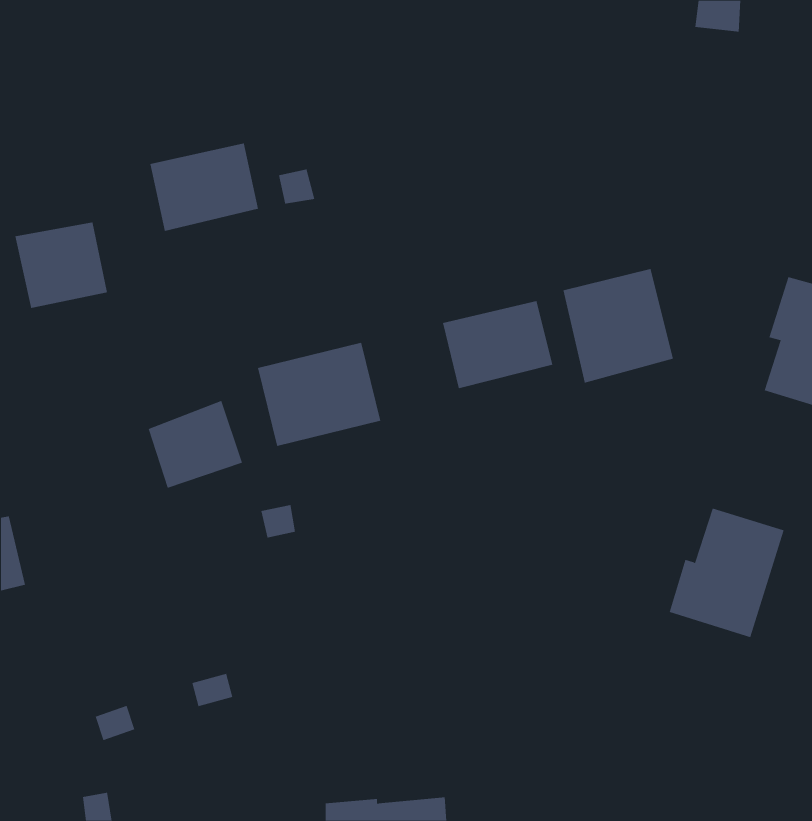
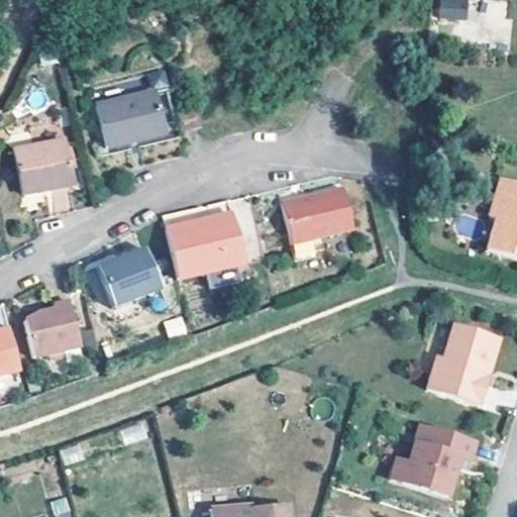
building: [563,268,673,383] -> none
building: none -> [27,301,80,359]
building: none -> [390,421,475,493]

